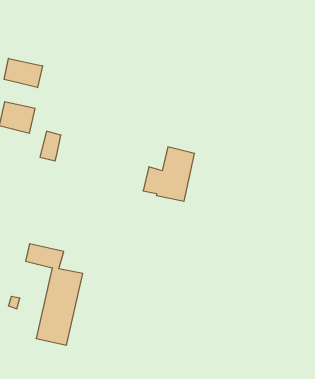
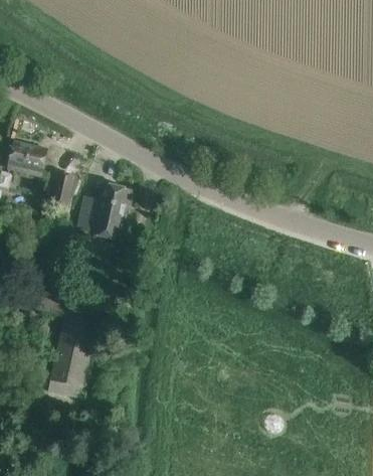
building: [4,58,43,88] -> none
building: [143,147,195,201] -> [77,183,132,241]

